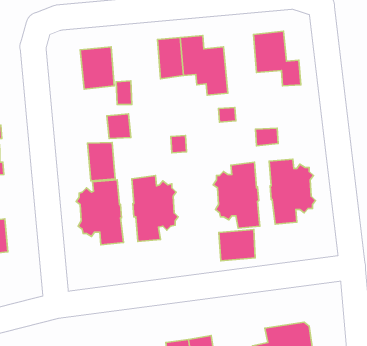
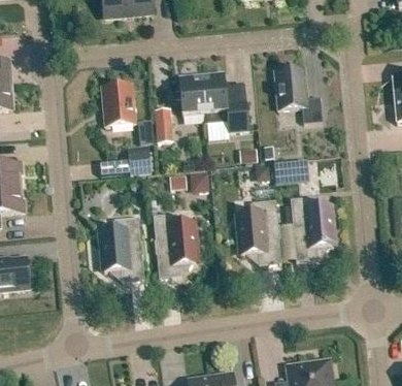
building: none -> [154,107,172,142]
building: [87,142,115,181] -> none
building: [219,230,255,261] -> none

